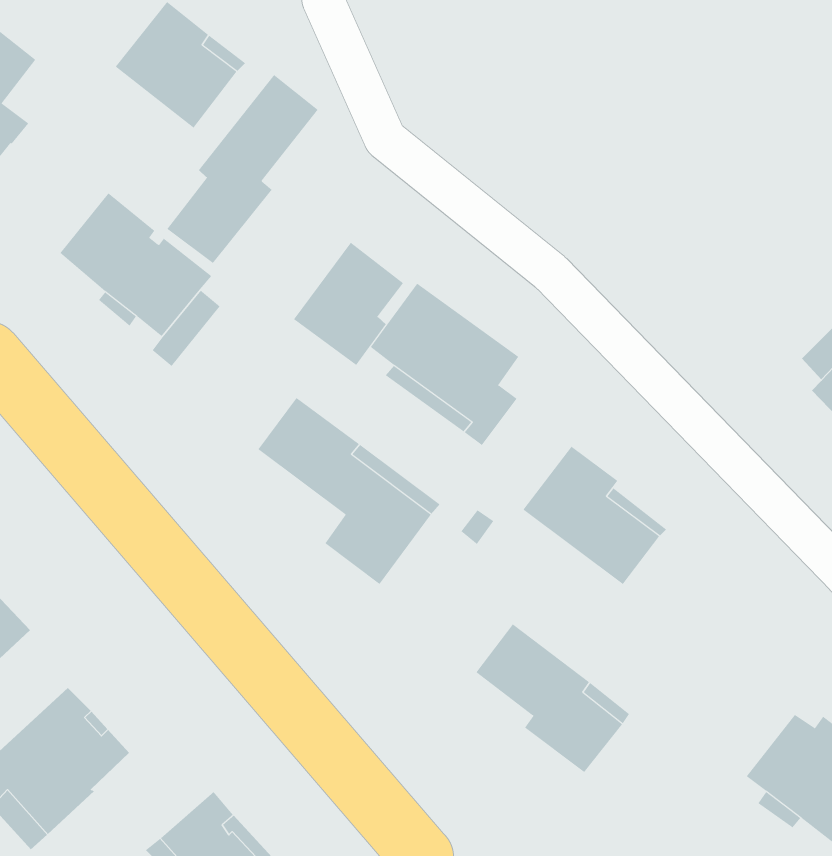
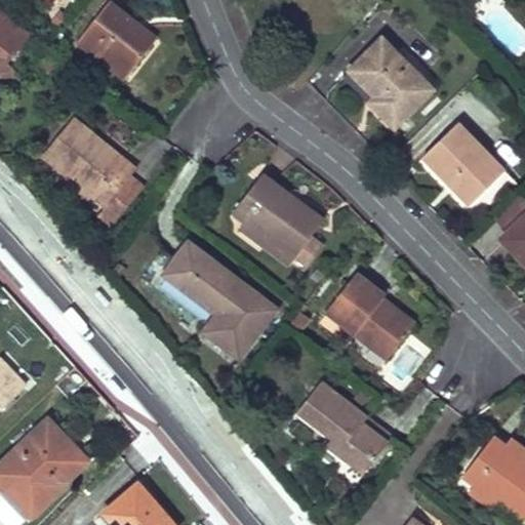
building: none -> [350,39,432,127]
building: [167,74,319,264] -> none
building: none -> [423,122,504,204]
building: [293,242,404,366] -> none

